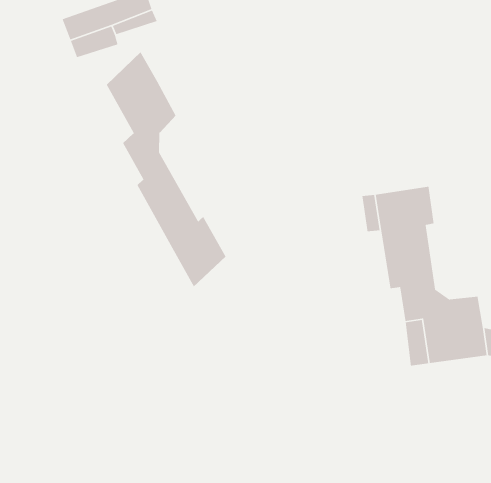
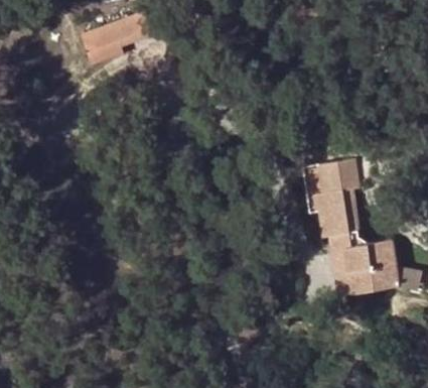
building: [106,51,226,287] -> none

